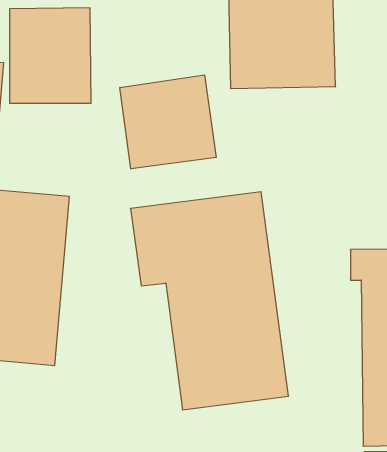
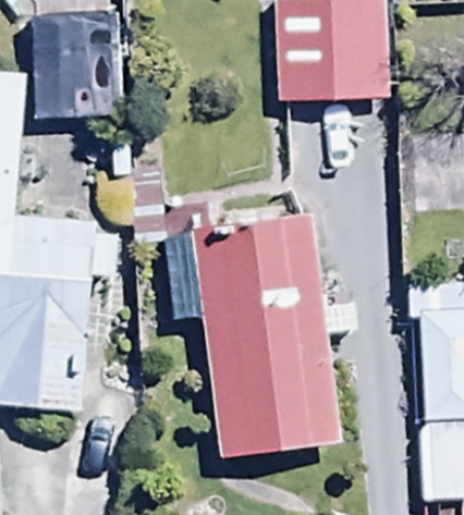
building: [120,75,216,169] -> none

